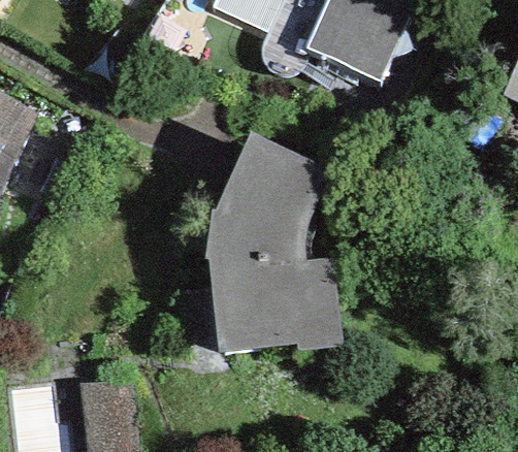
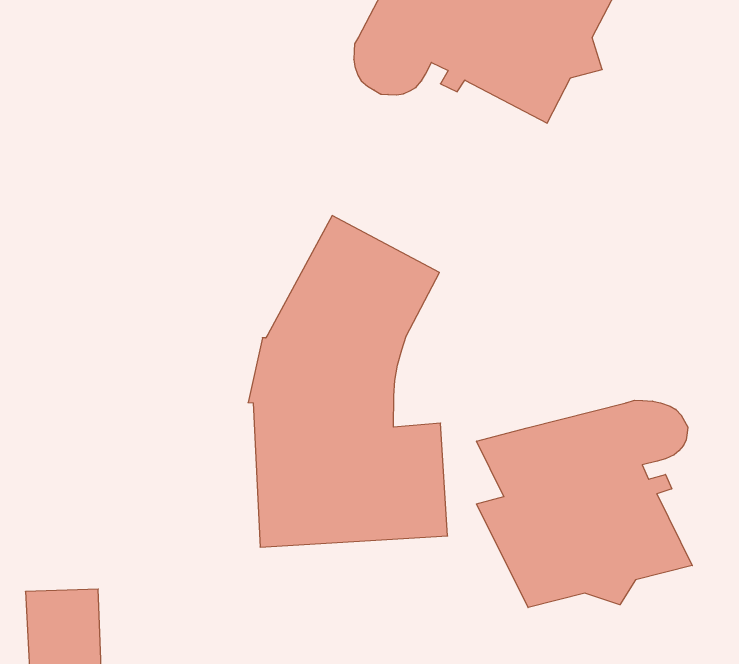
building: none -> [477,400,692,608]

